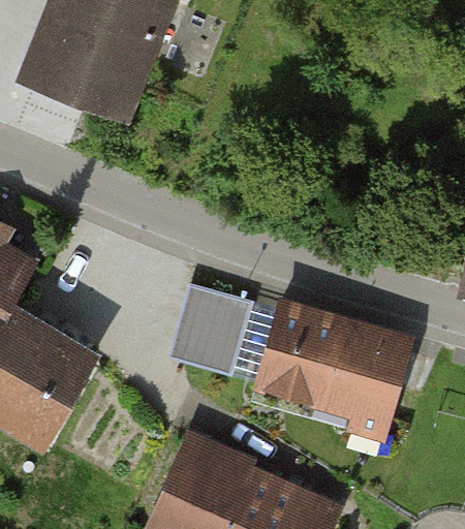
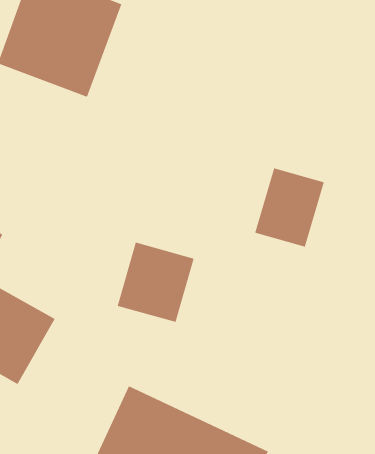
building: none -> [255,168,324,248]
building: [250,300,412,426] -> none

